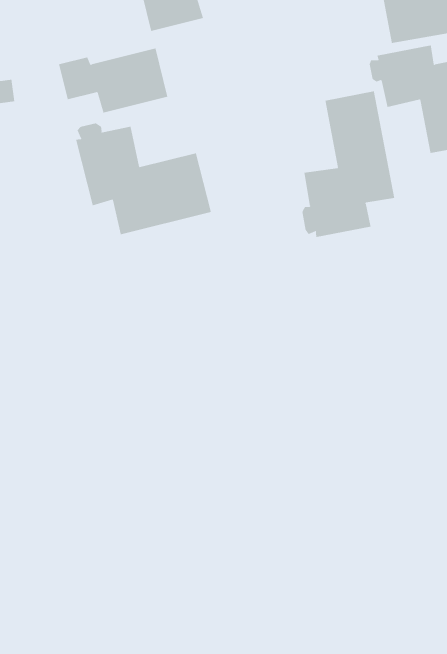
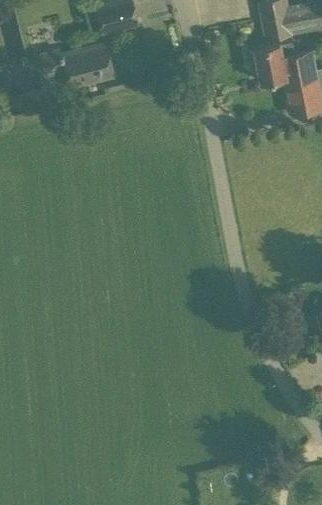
building: [302,90,395,238] -> none
building: [76,123,211,235] -> none

